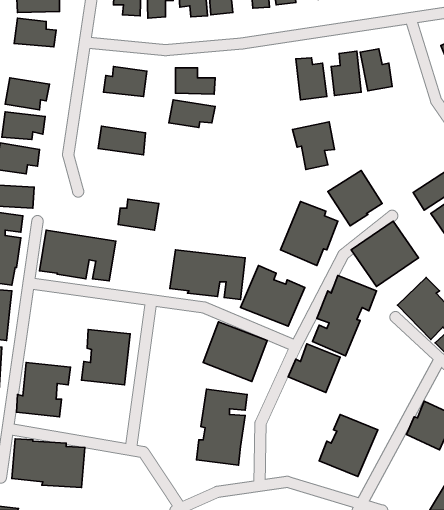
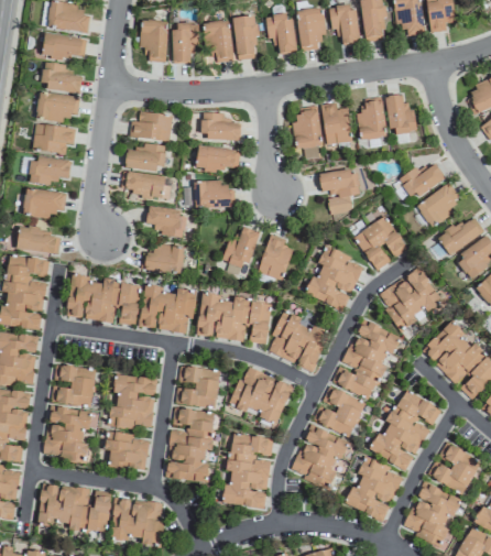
building: none -> [35,90,80,123]
building: none -> [293,106,321,159]
building: none -> [126,143,166,171]
building: none -> [399,163,445,199]
building: none -> [195,181,236,207]
building: none -> [416,184,460,226]
building: none -> [146,207,186,236]
building: none -> [223,227,260,274]
building: none -> [258,233,293,280]
building: none -> [140,285,196,332]
building: none -> [56,364,96,406]
building: none -> [182,366,220,407]
building: none -> [369,389,441,470]
building: none -> [168,407,215,482]
building: none -> [292,425,349,487]
building: none -> [105,430,150,470]
building: none -> [402,480,460,548]
building: none -> [110,497,164,547]

